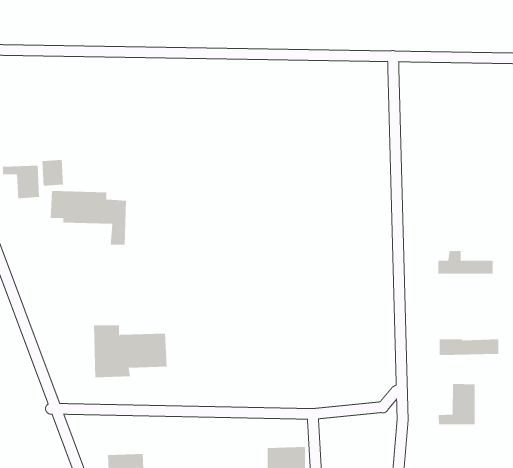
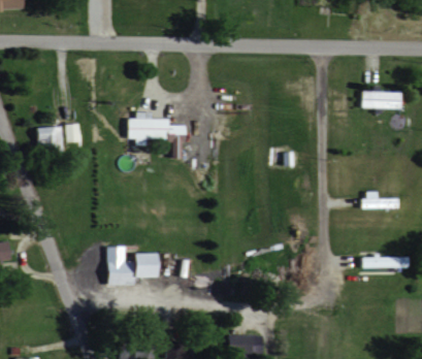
building: none -> [361,91,404,109]
building: [50,191,127,245] -> [127,118,184,158]
building: [438,383,475,425] -> none

